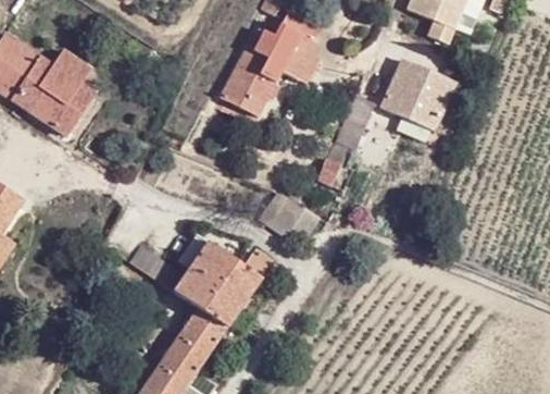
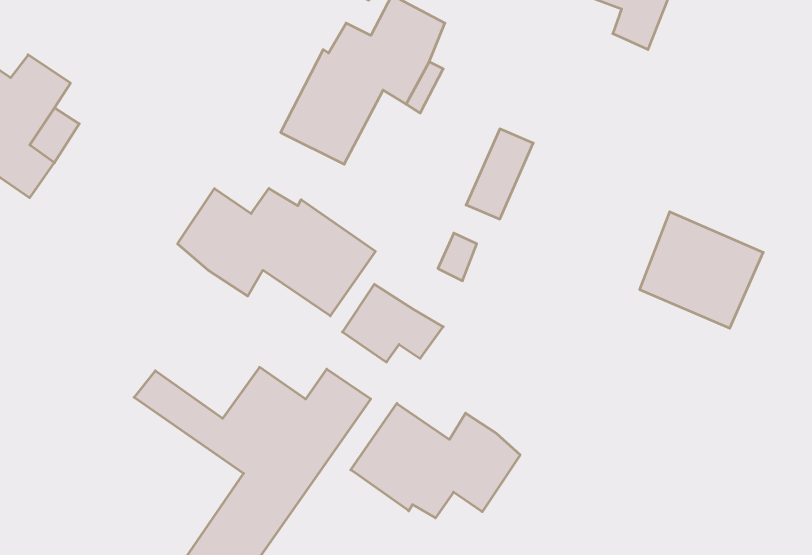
building: [380,59,457,131] -> [640,212,763,328]
building: none -> [178,188,375,316]
building: none -> [351,403,520,518]

